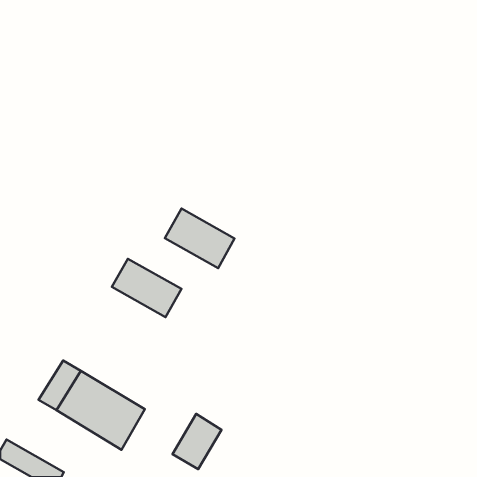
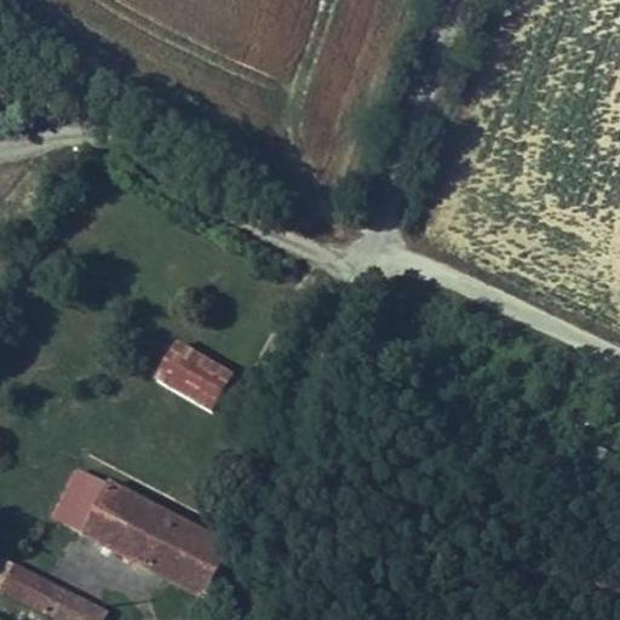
building: [165,209,235,268] -> none
building: [173,414,222,469] -> [161,527,224,598]

